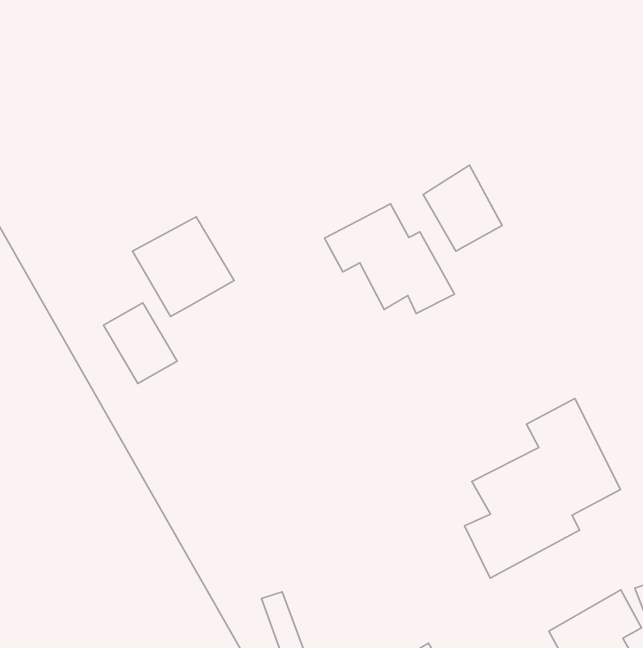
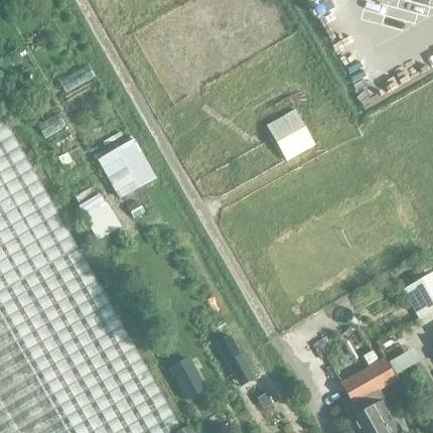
building: [324,204,454,314] -> none
building: [465,399,620,578] -> none

